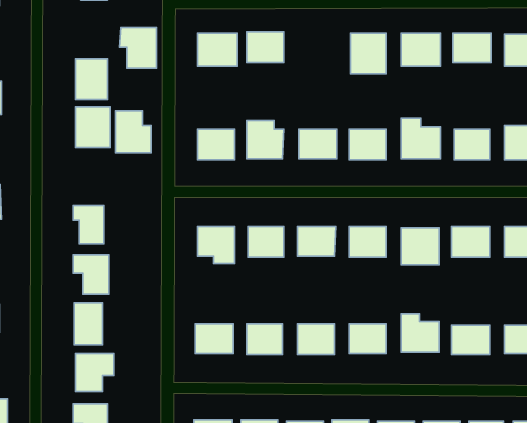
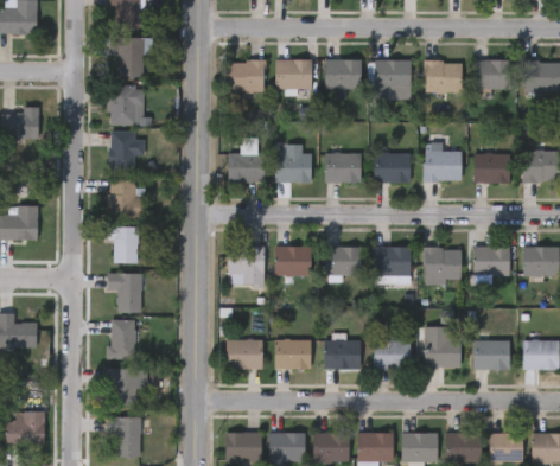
building: [120,27,157,68] -> [109,38,145,77]
building: none -> [325,60,361,90]
building: [115,111,151,153] -> [110,178,145,218]

